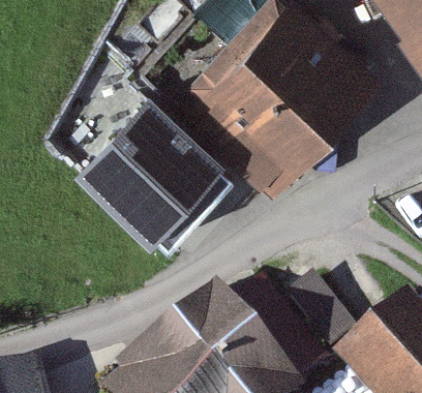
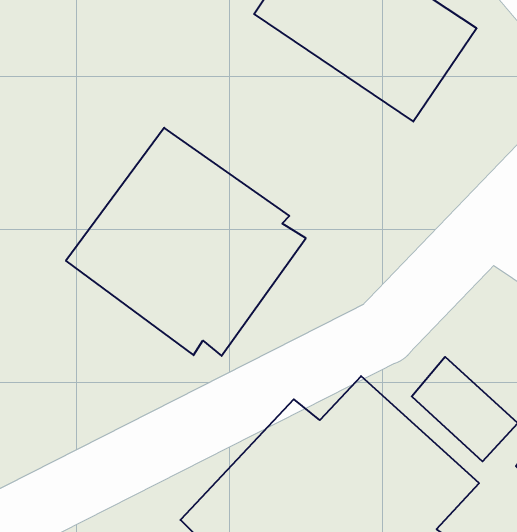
building: [189,36,314,173] -> none

